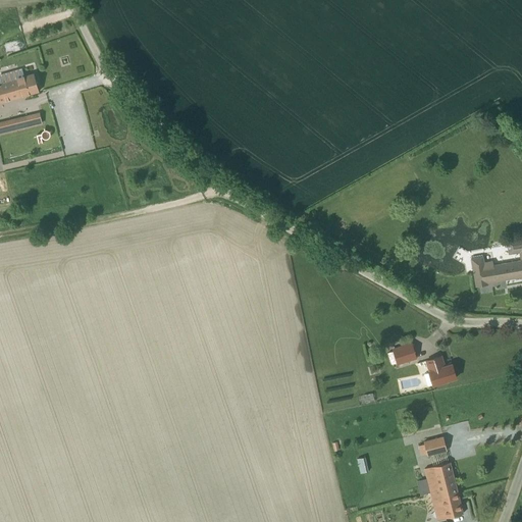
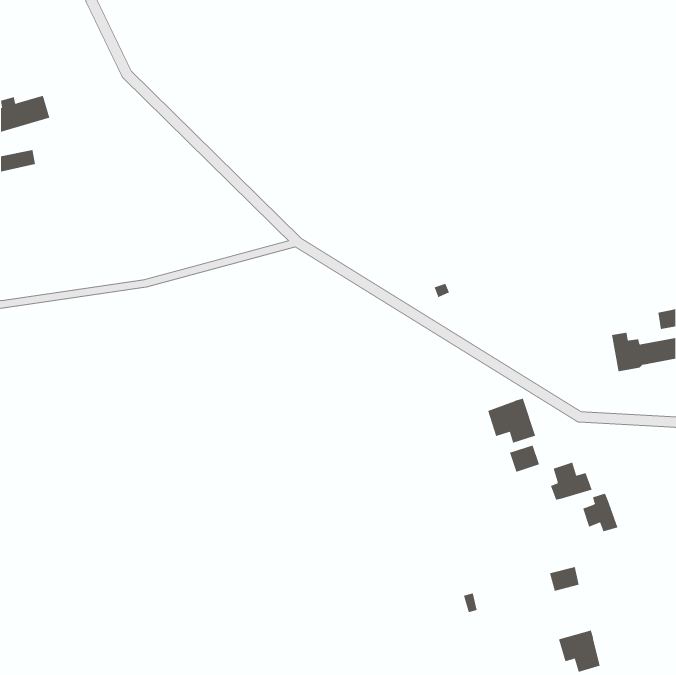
building: none -> [487,398,536,443]
building: none -> [582,493,618,532]
building: [424,463,456,493] -> none

